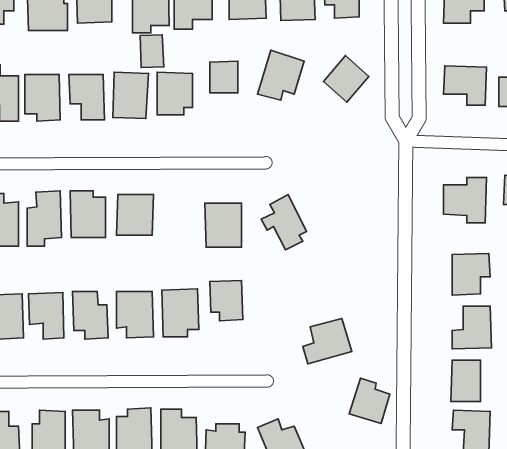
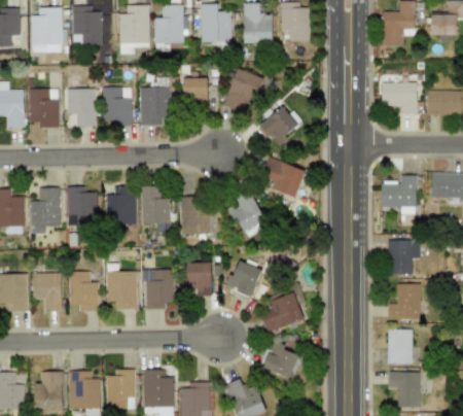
building: [140,35,164,68] -> none
building: [324,56,369,102] -> [260,106,298,145]
building: none -> [263,159,306,198]
building: none -> [141,185,171,223]
building: none -> [226,259,261,298]
building: [349,378,390,423] -> [263,341,297,379]

